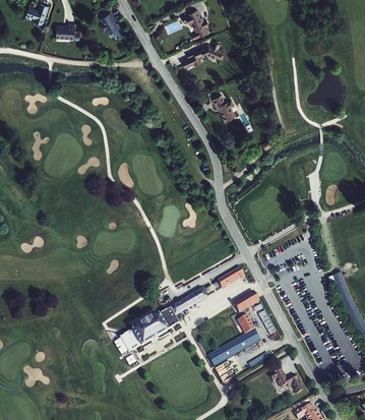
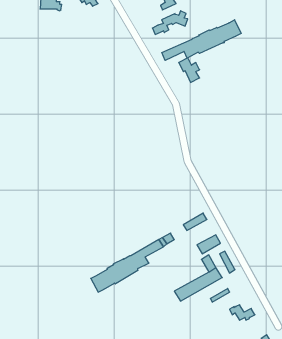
building: none -> [162,20,241,60]

